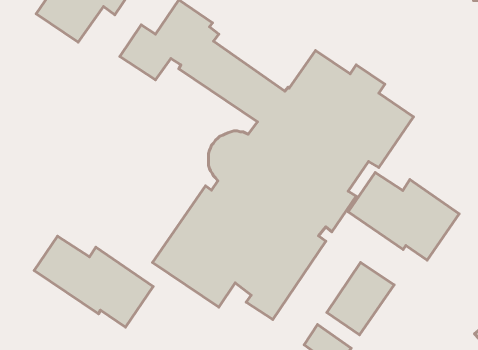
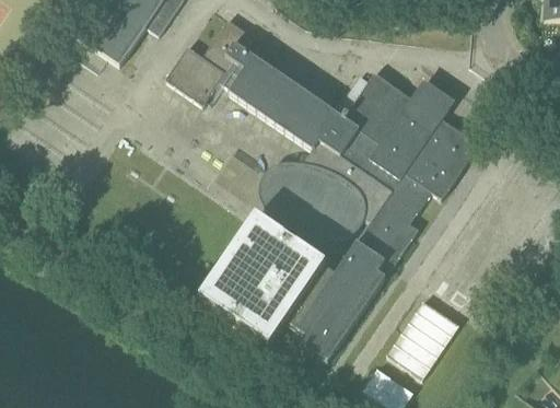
building: [348,173,459,260] -> none
building: [34,236,153,327] -> none

